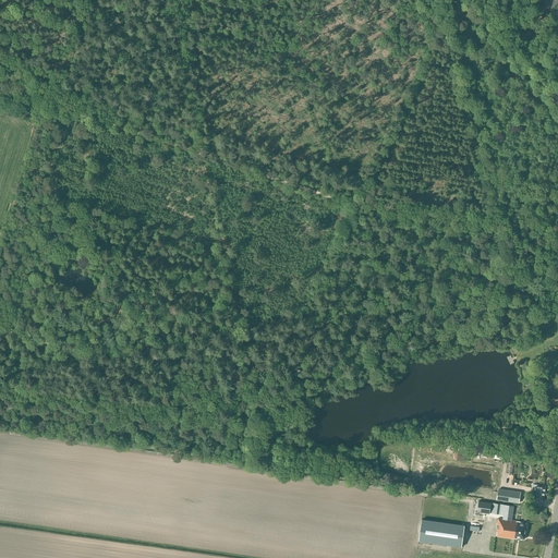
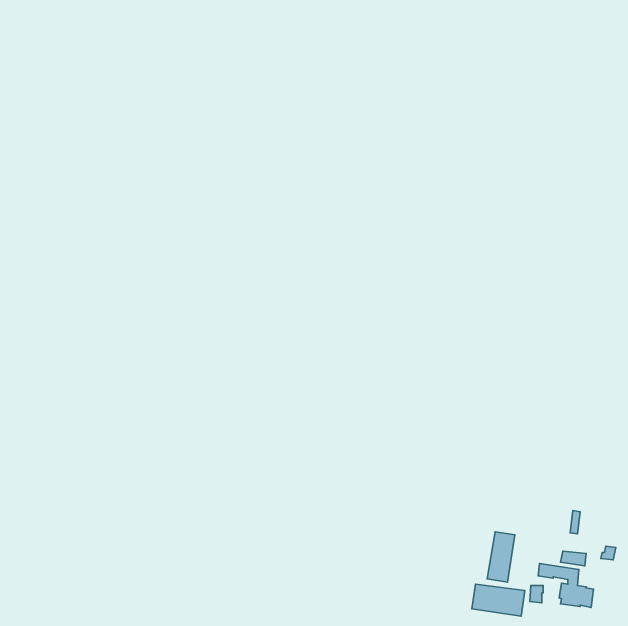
building: none -> [487,532,515,582]

